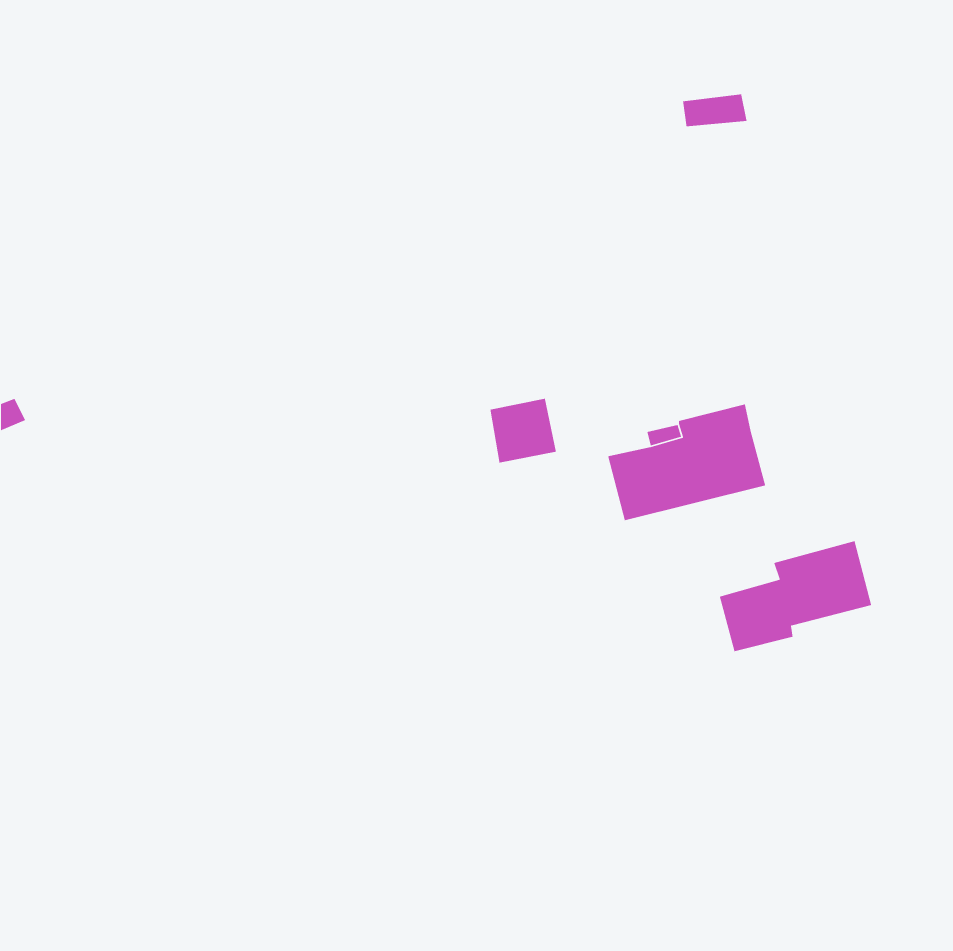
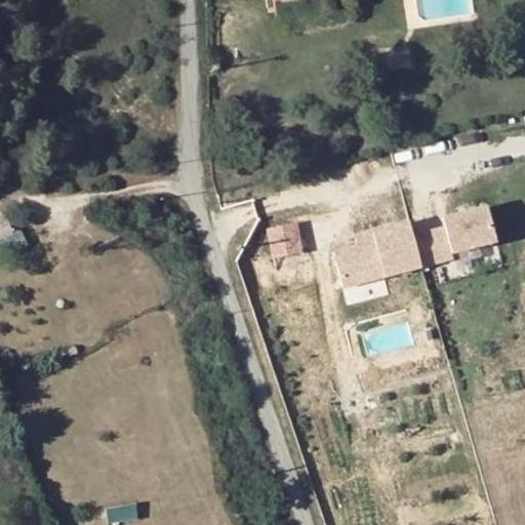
building: [719,540,872,652] -> [413,205,497,267]

